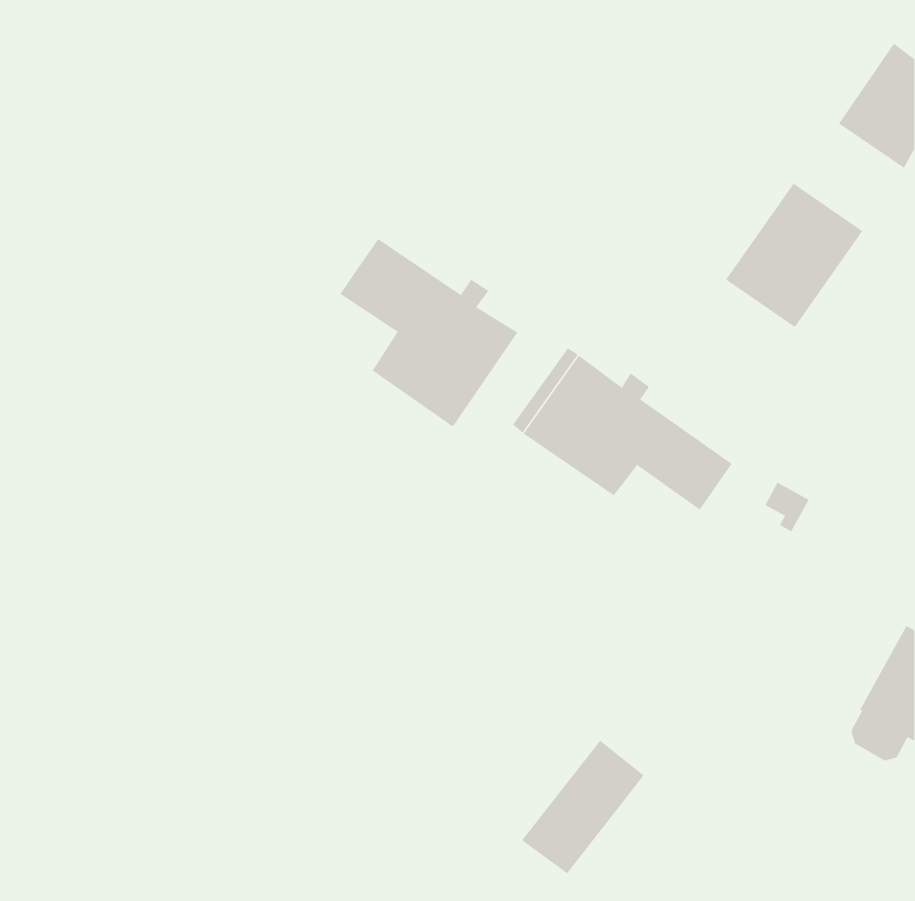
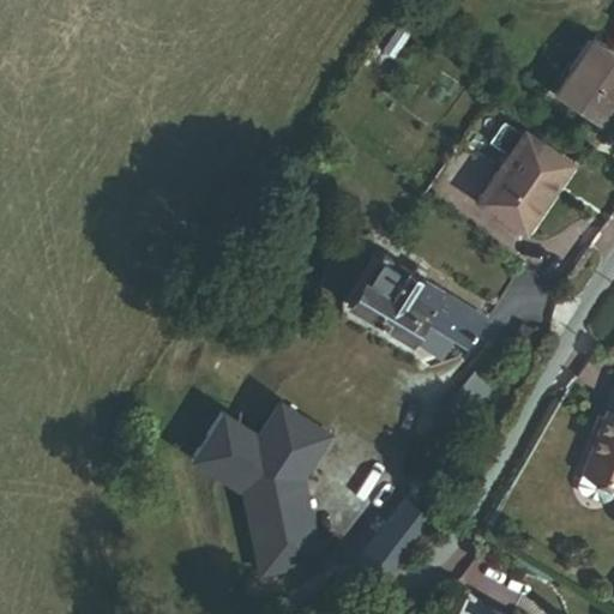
building: [339,238,518,427] -> none
building: none -> [193,409,330,577]

